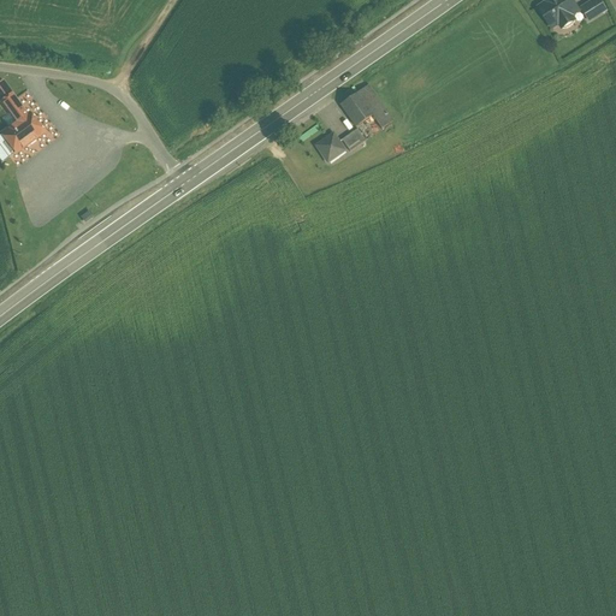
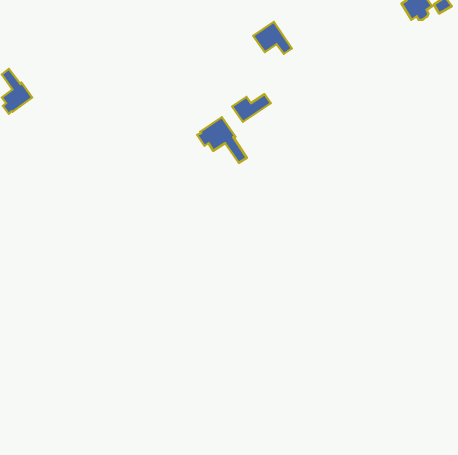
building: [340,83,392,126] -> [253,22,292,54]
building: none -> [197,117,247,163]

